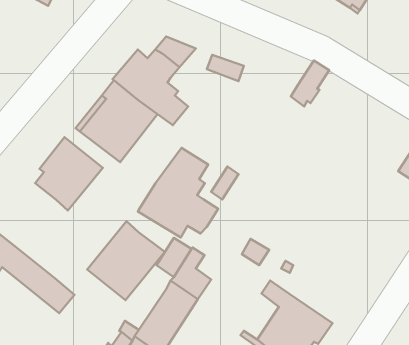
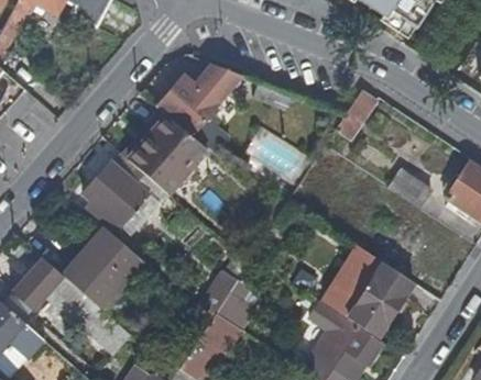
building: none -> [390,164,438,209]
building: [138,148,218,238] -> none
building: [87,221,165,300] -> [63,226,141,305]
building: none -> [343,255,413,326]

